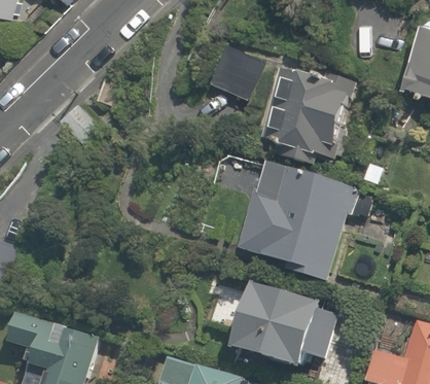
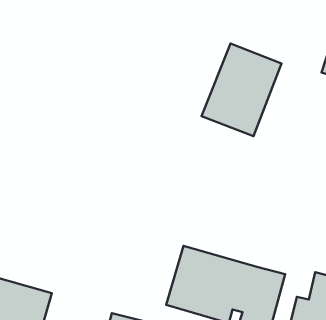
building: [202,38,263,100] -> none
building: [239,165,353,276] -> none

